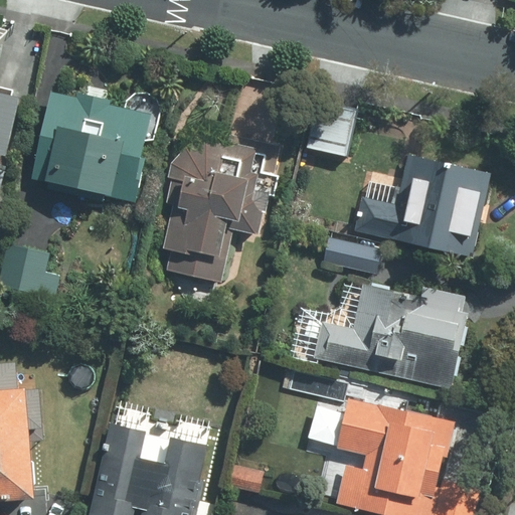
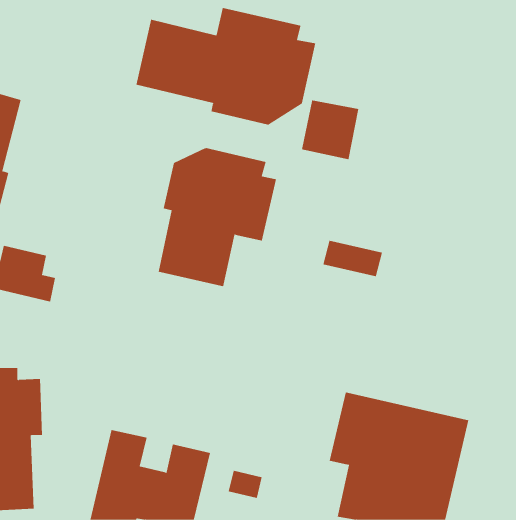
building: none -> [136,7,316,125]
building: [29,95,152,201] -> none
building: [352,154,490,260] -> none
building: [310,287,471,391] -> none

